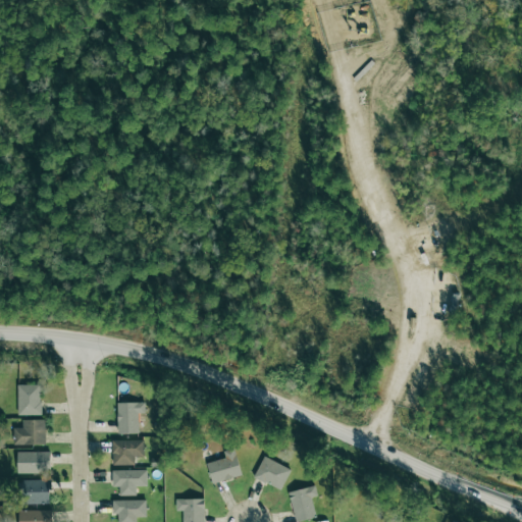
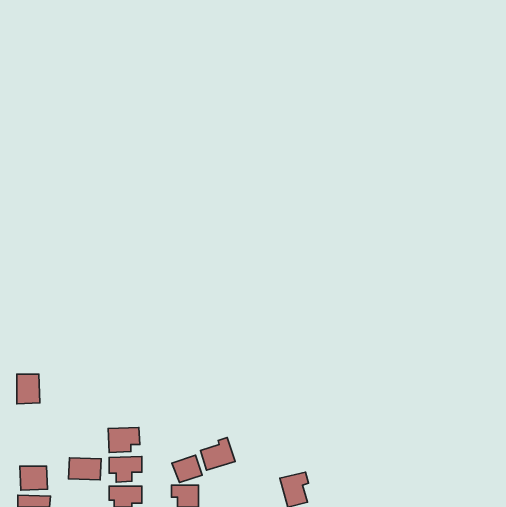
building: [118,402,146,433] -> none
building: [14,419,46,445] -> none
building: [17,451,51,473] -> [68,458,101,480]
building: [255,457,291,489] -> none
building: none -> [172,455,202,483]

